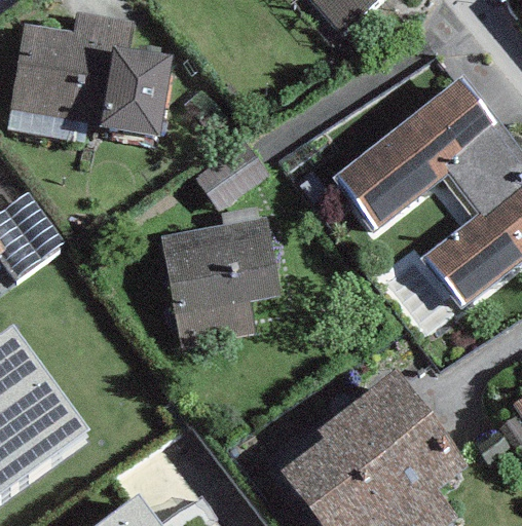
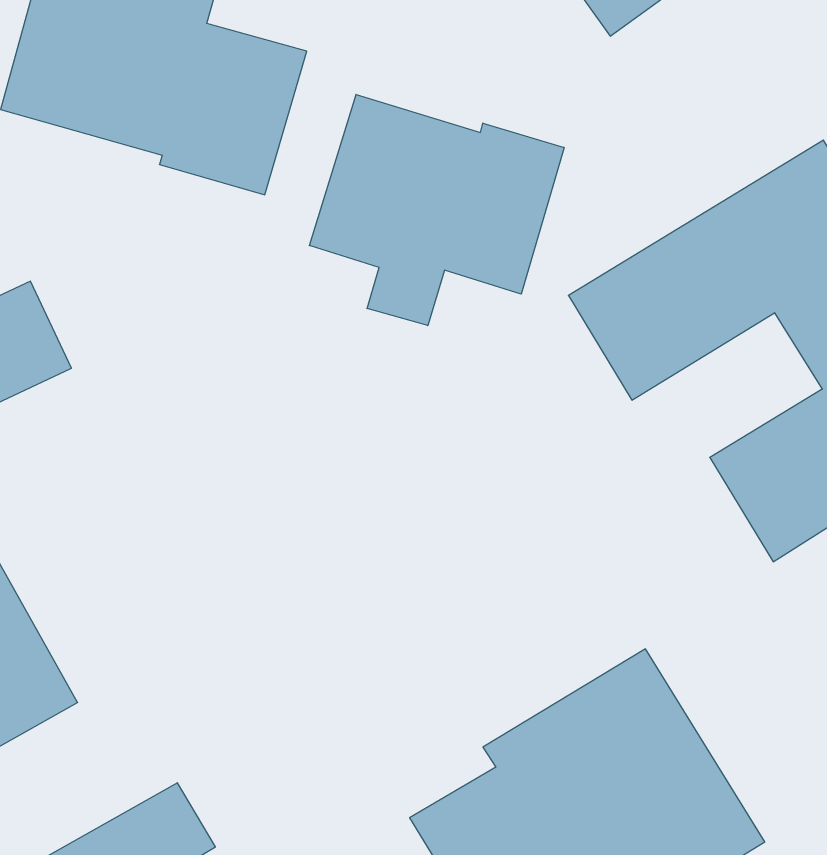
building: none -> [309,94,564,326]
building: [157,220,278,345] -> none

